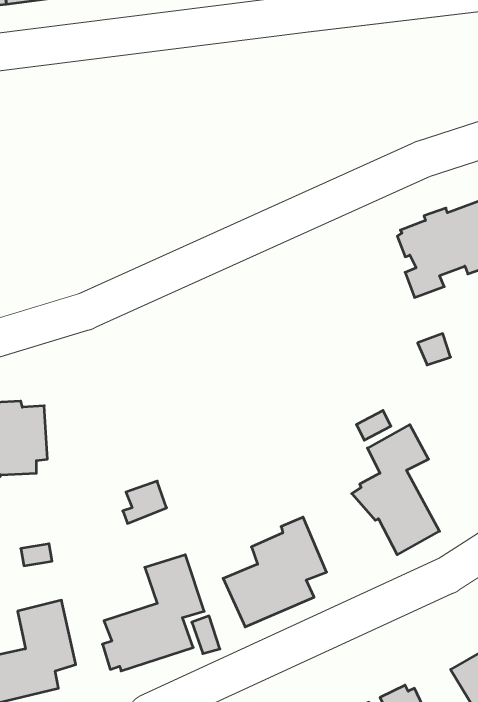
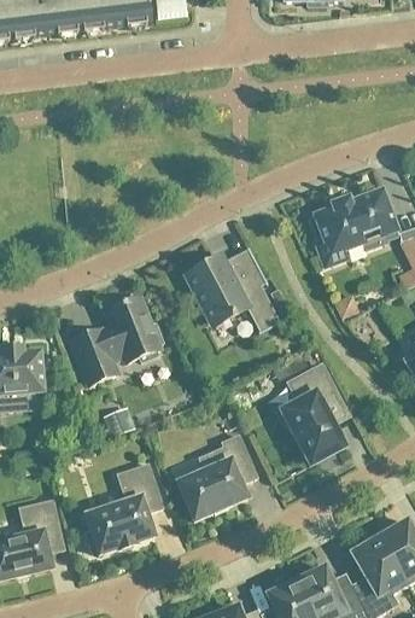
building: none -> [186,246,281,332]
building: none -> [70,296,163,384]

